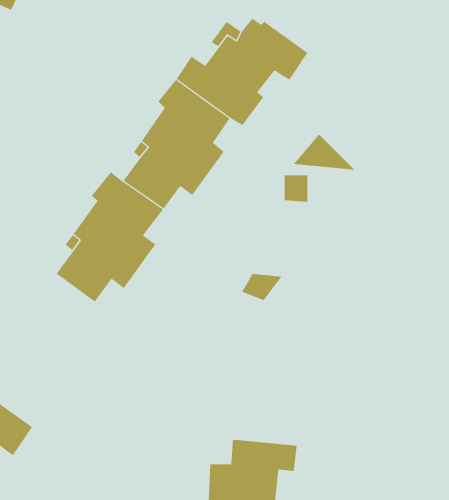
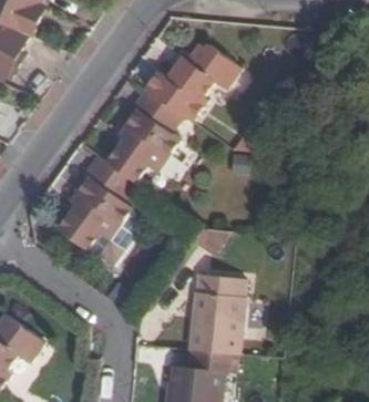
building: none -> [191,275,245,354]

